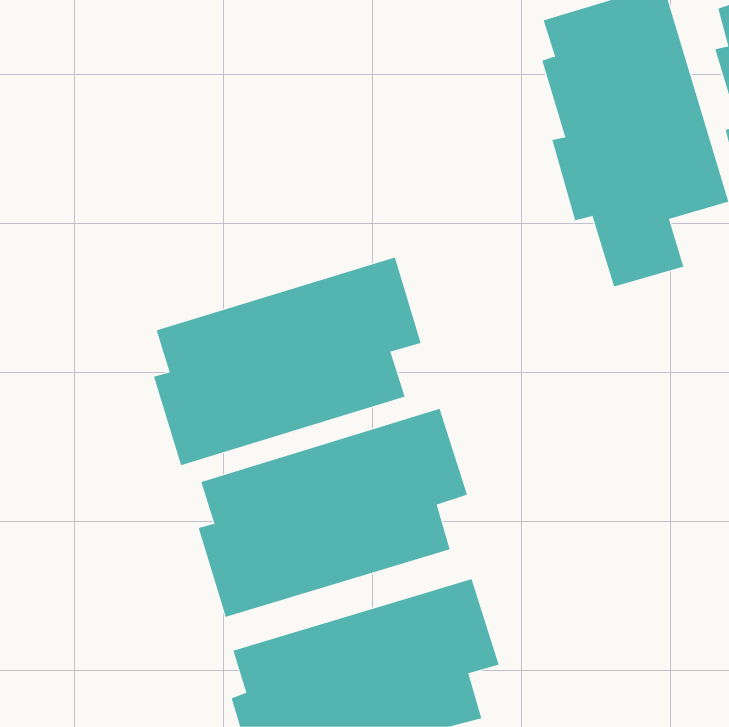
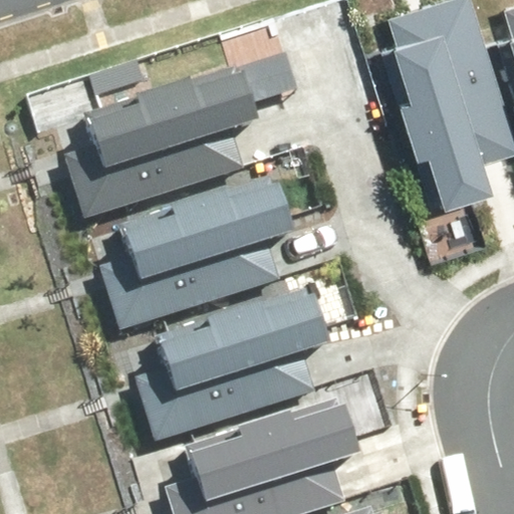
building: none -> [76,69,263,215]

